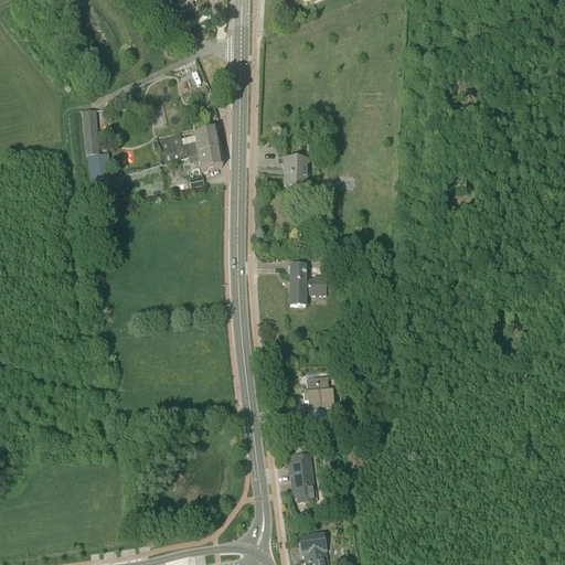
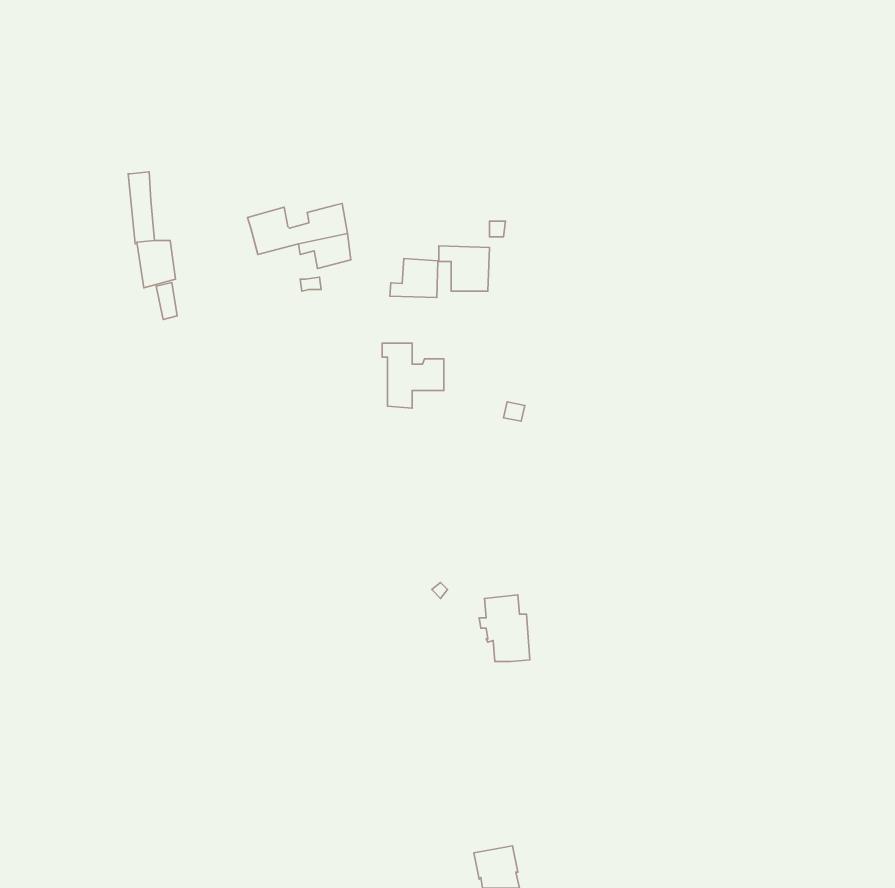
building: none -> [390,258,438,298]
building: [286,263,324,303] -> [382,343,444,408]
building: [287,451,315,499] -> none

